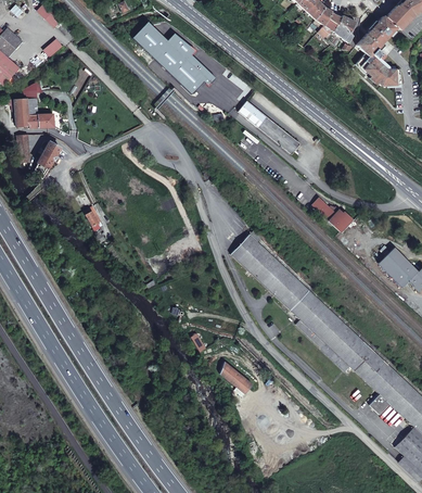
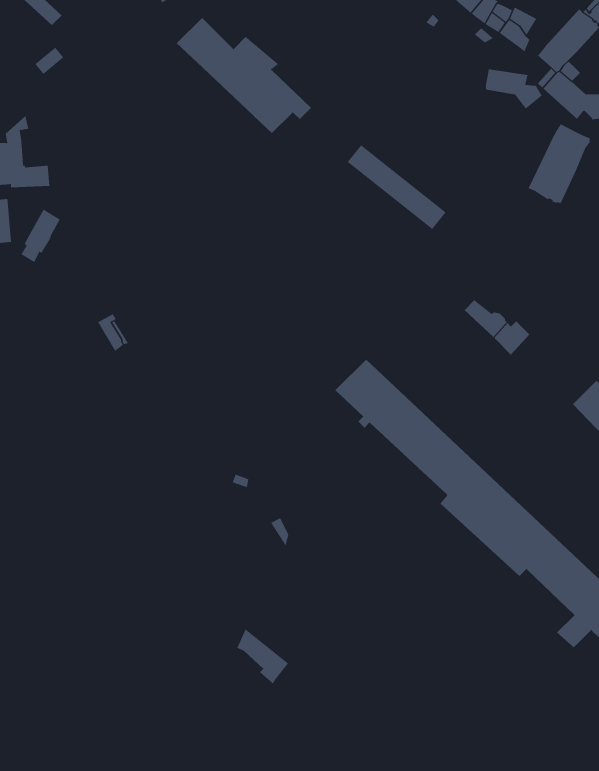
building: none -> [485,69,542,109]
building: none -> [528,123,590,204]
building: [220,362,253,396] -> [236,629,289,684]

